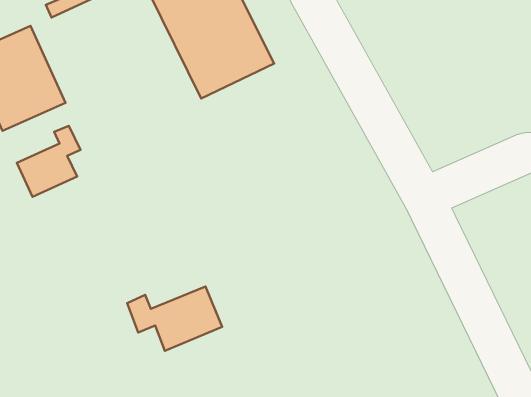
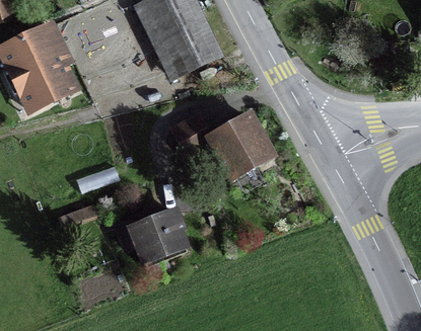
building: [17,126,80,197] -> none
building: none -> [172,119,269,180]

